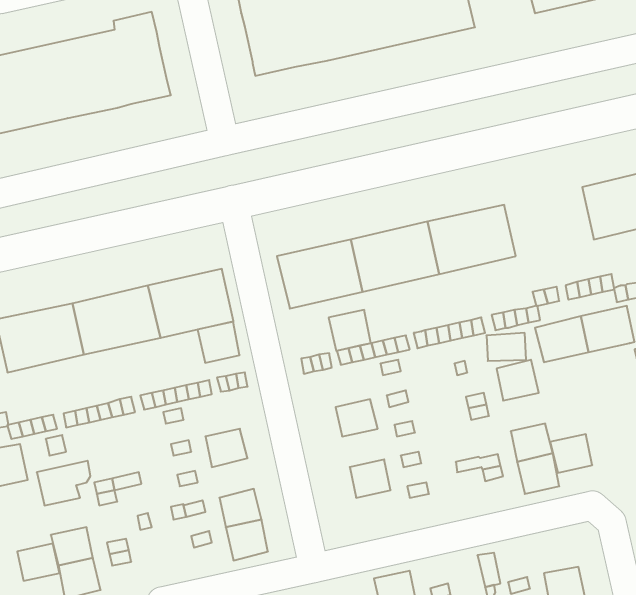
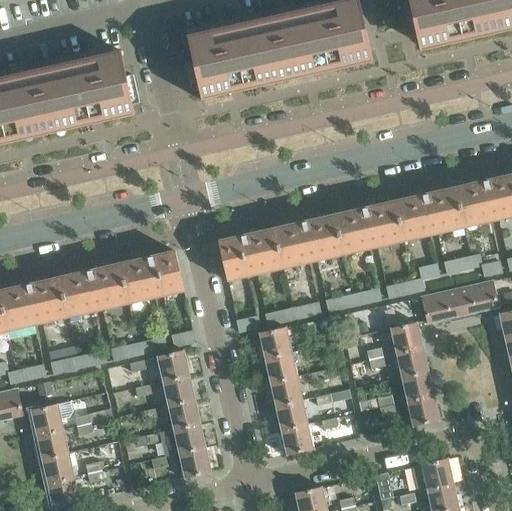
building: none -> [395,185,465,239]
building: [329,310,371,351] -> [257,325,290,357]
building: [197,322,240,363] -> [155,348,188,380]
building: none -> [268,374,301,404]
building: [550,434,592,473] -> [394,346,427,376]
building: none -> [166,397,199,428]
building: none -> [279,422,312,453]
building: none -> [420,456,453,487]
building: [17,544,59,581] -> [35,428,68,457]

